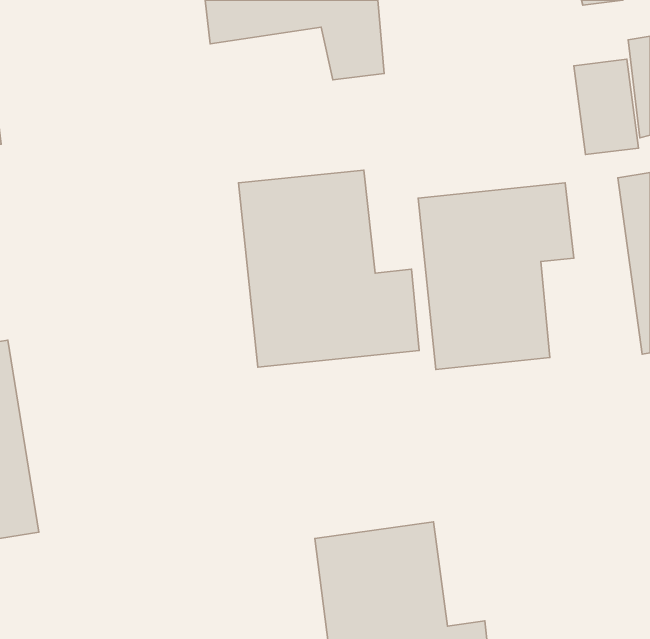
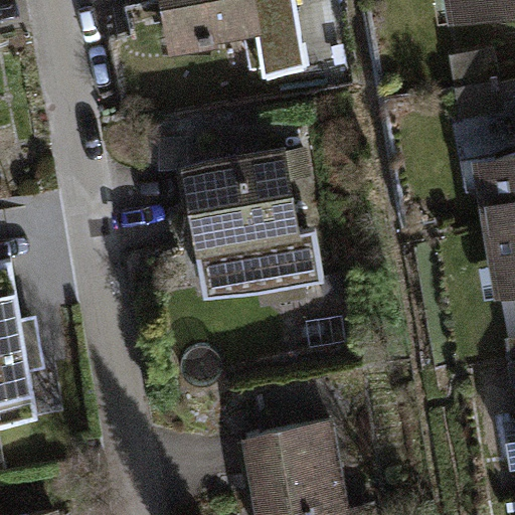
building: [418,183,574,370] -> none

